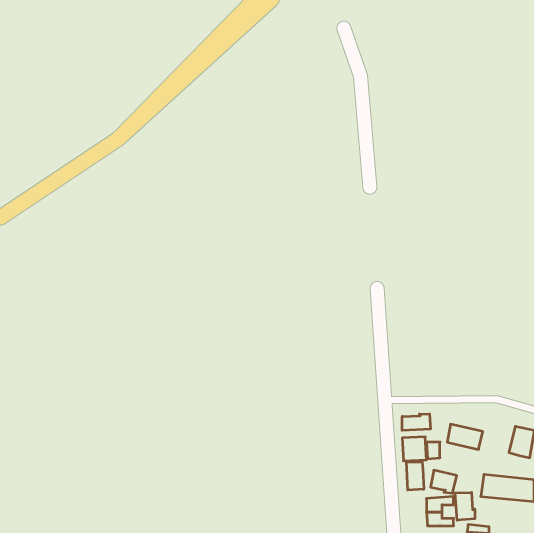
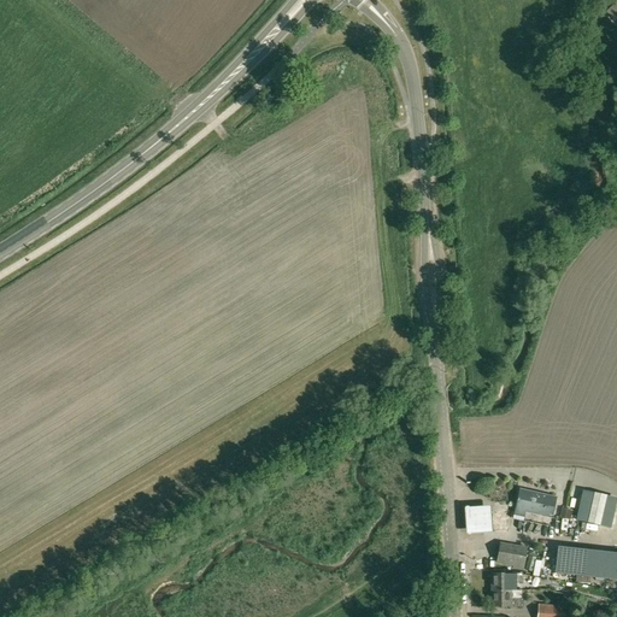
building: [402,414,430,430] -> none
building: [406,462,424,490] -> none
building: [455,492,475,520] -> none

